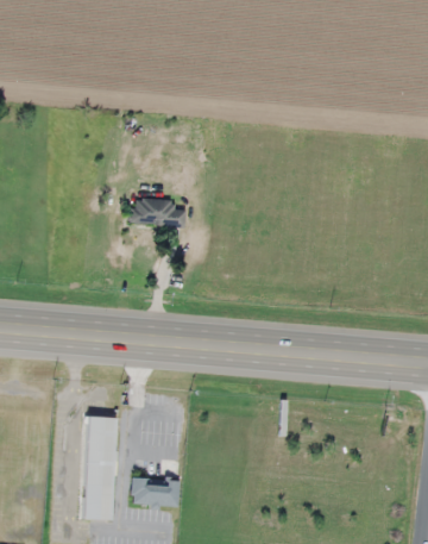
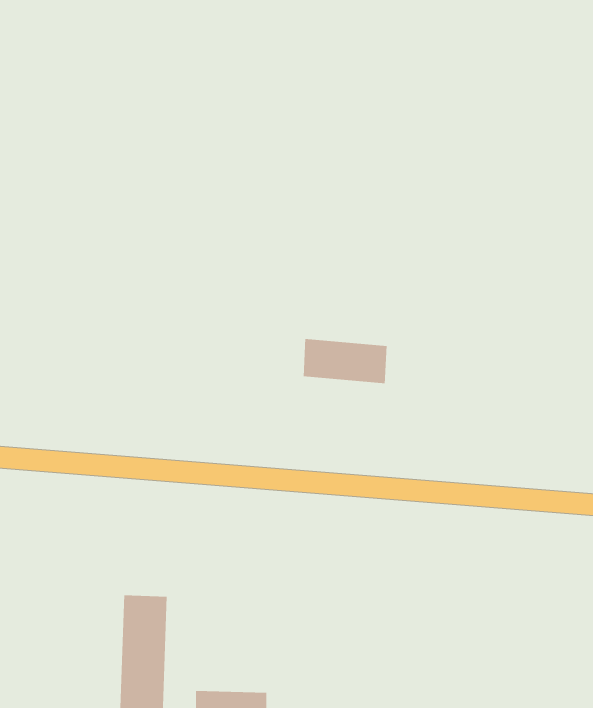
building: [131,199,185,229] -> [303,338,387,384]

